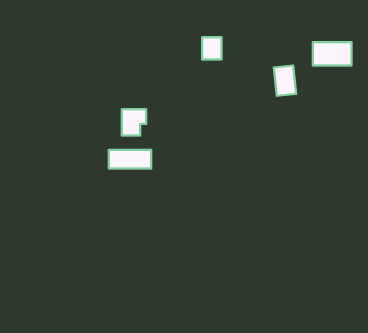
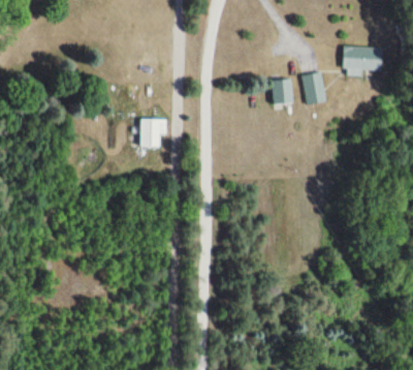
building: [202,37,222,60] -> [272,80,292,103]
building: [109,150,151,169] -> none

